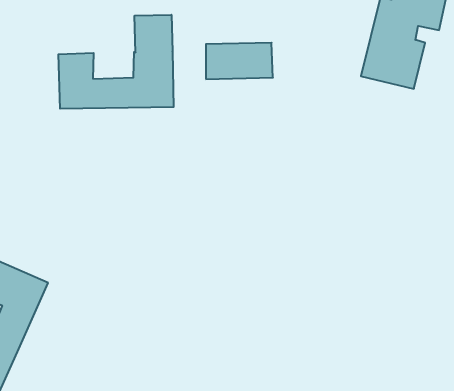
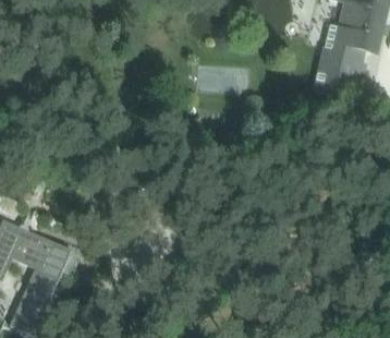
building: [58,15,174,109] -> none

